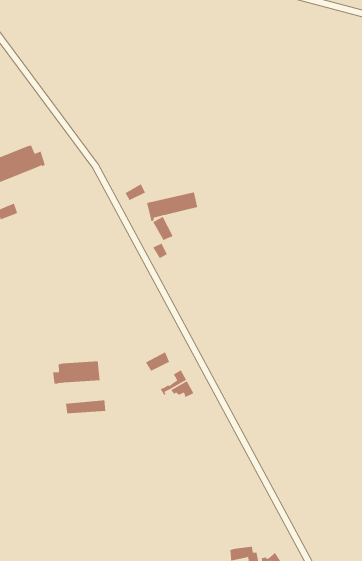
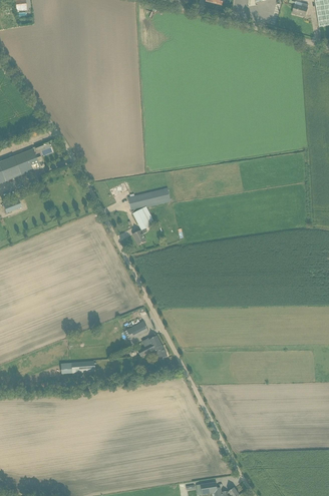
building: [52,361,101,385] -> none

